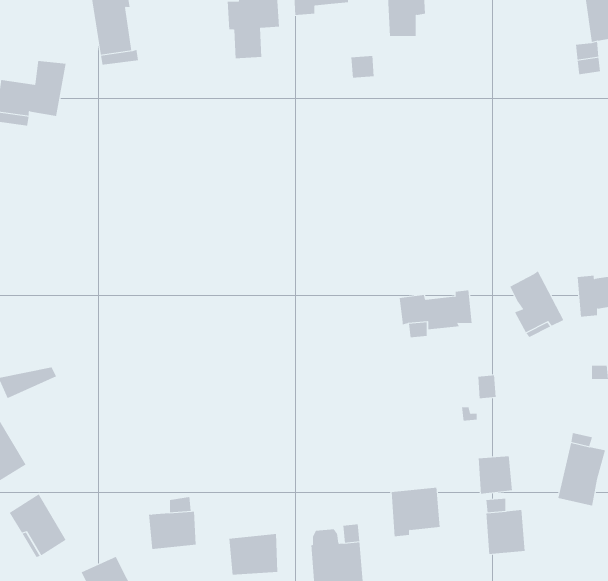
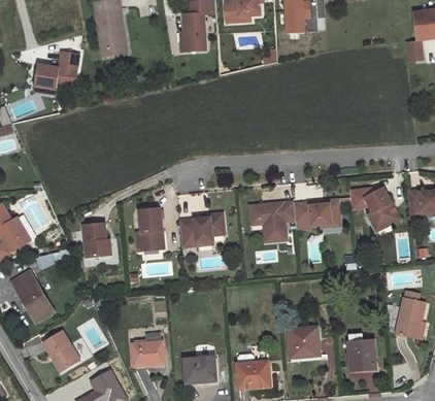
building: none -> [349,187,379,209]
building: none -> [249,201,295,241]
building: none -> [136,208,162,250]
building: none -> [179,213,224,247]
building: none -> [82,223,107,257]
building: [478,455,512,494] -> none

